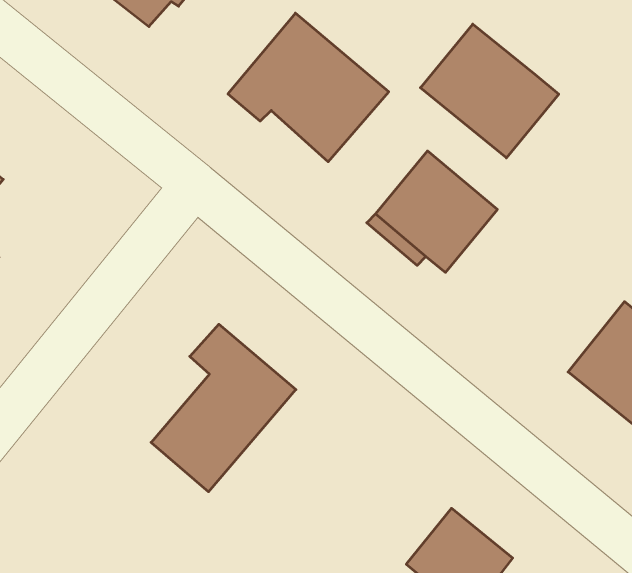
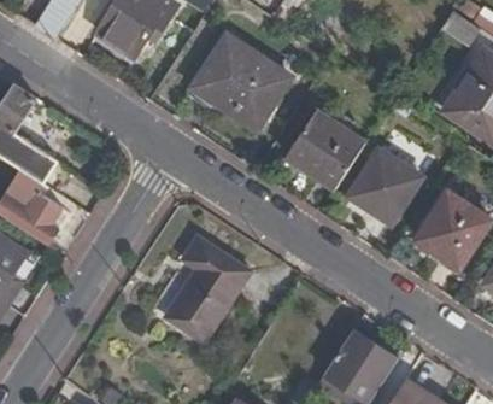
building: [420,24,559,158] -> none
building: none -> [348,150,419,222]

